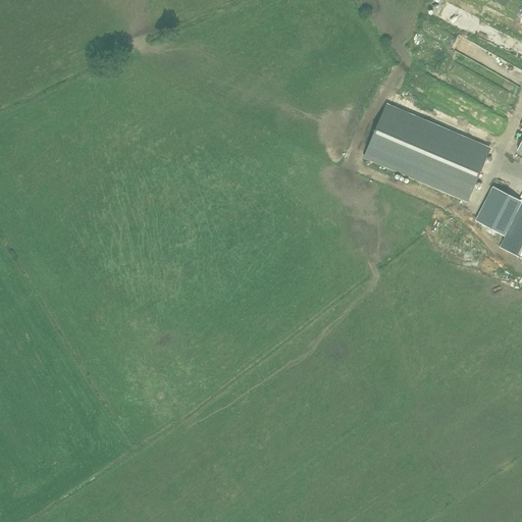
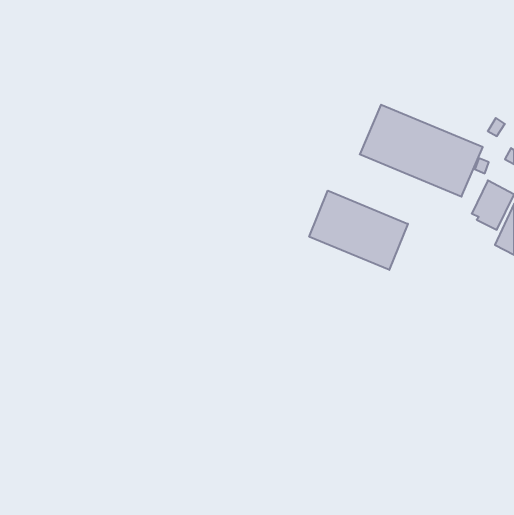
building: none -> [309,191,408,270]

